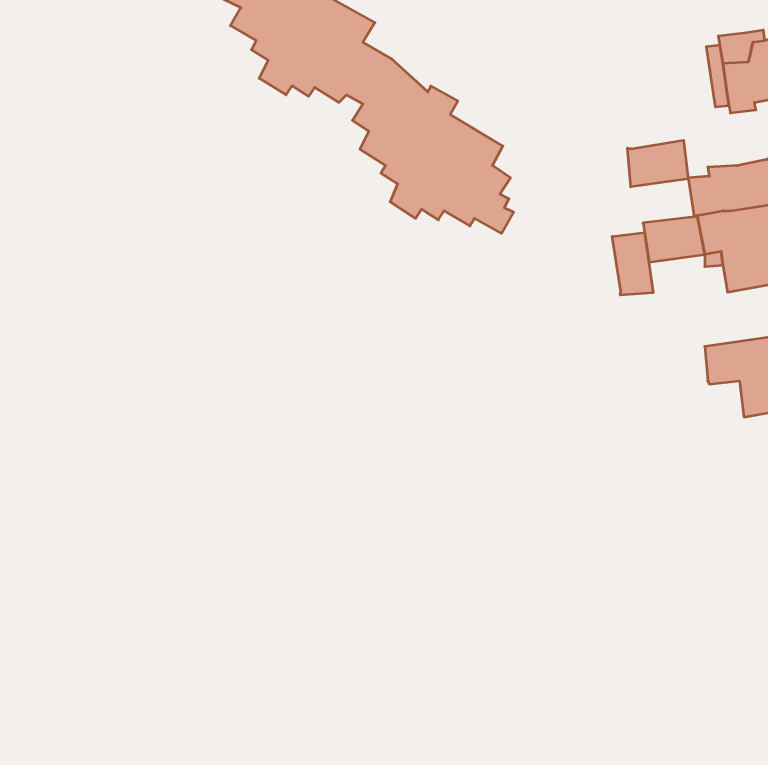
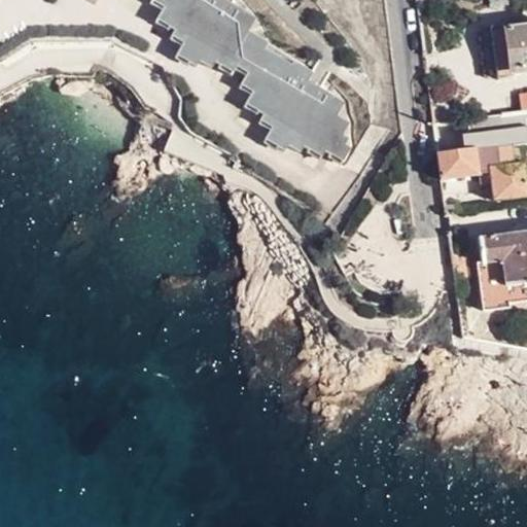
building: [628,140,688,187] -> none
building: [612,233,653,295] -> none
building: none -> [482,260,512,309]

